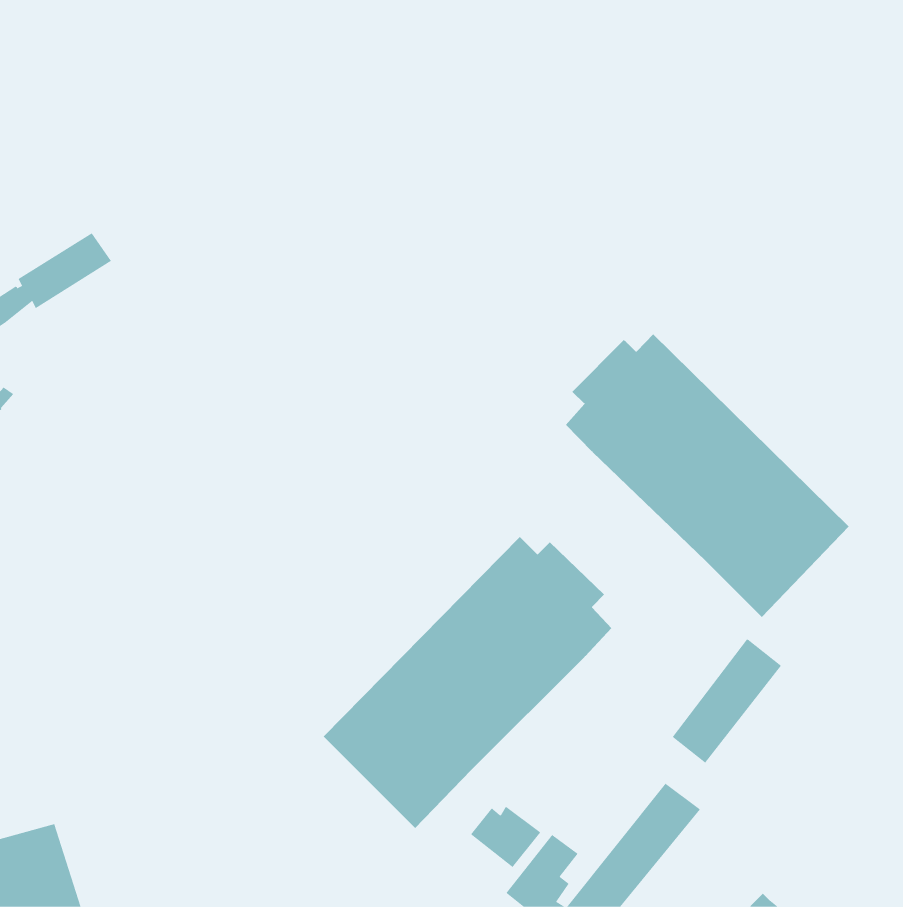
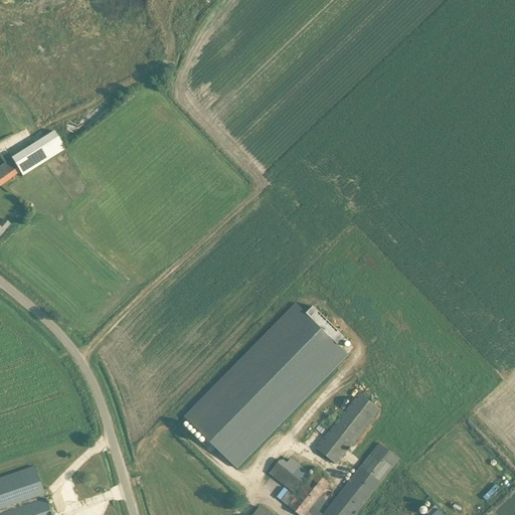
building: [565,334,850,618] -> none
building: [672,639,782,763] -> [315,393,377,464]

